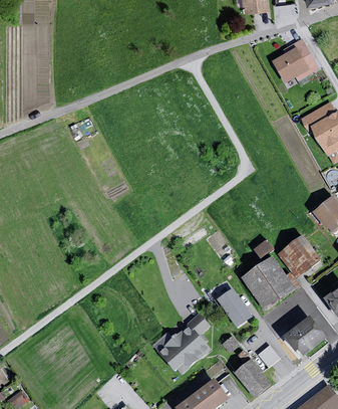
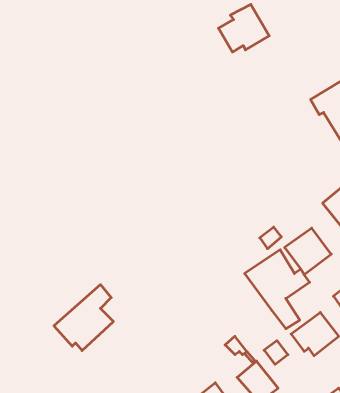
building: [273,36,320,80] -> [218,4,269,52]
building: [216,289,256,330] -> none
building: [157,314,213,375] -> [54,285,113,351]

